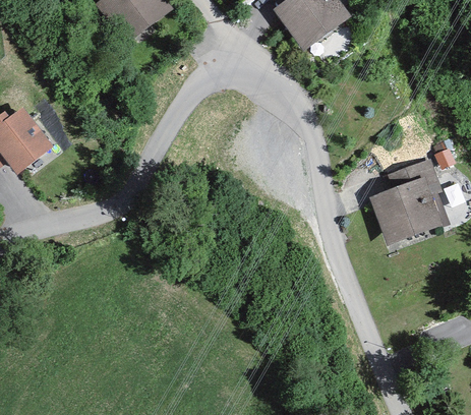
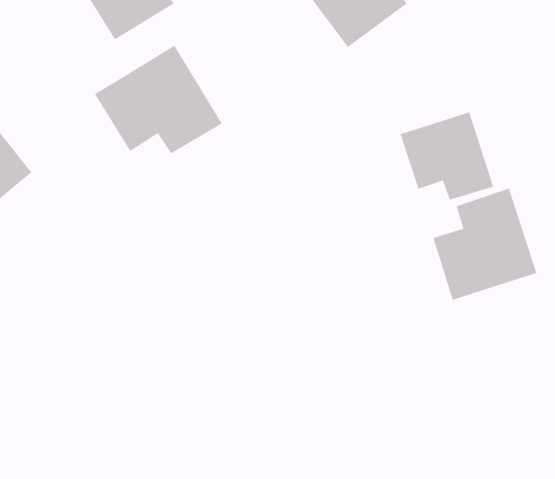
building: none -> [94,45,222,154]
building: none -> [400,111,494,201]

